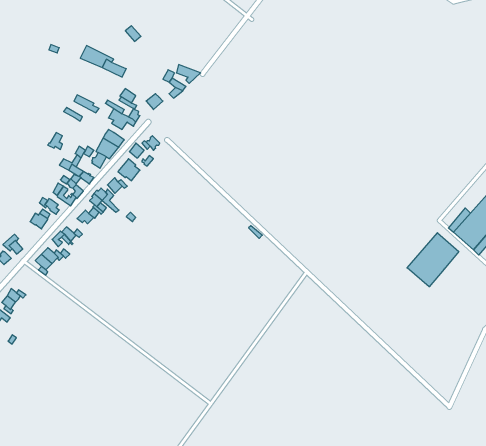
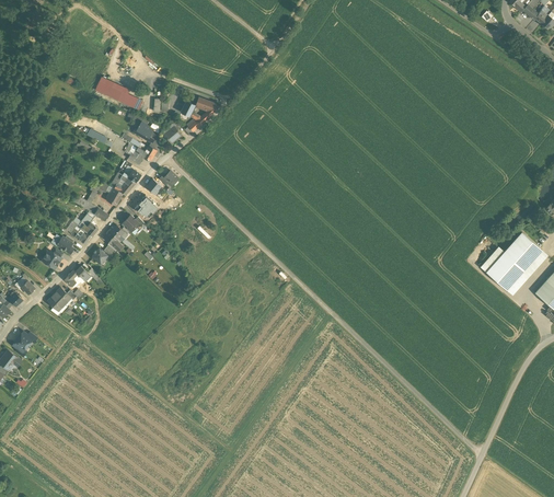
building: [407,233,459,287] -> none

